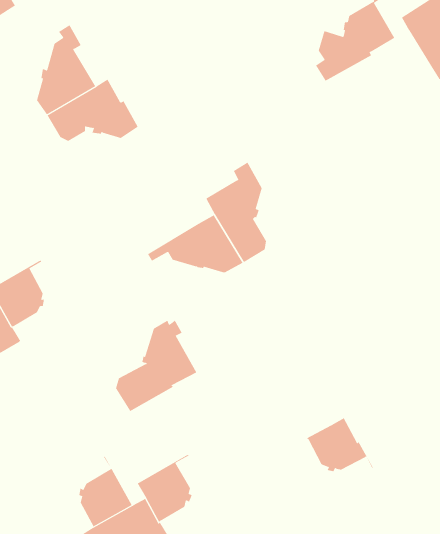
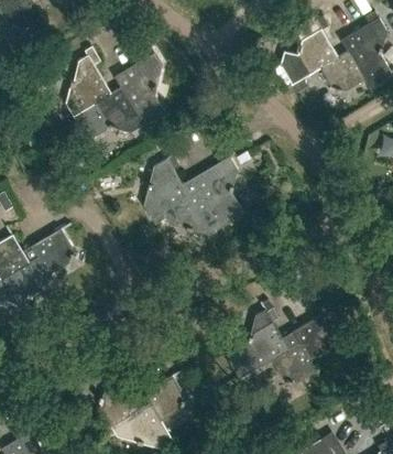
building: none -> [114,47,160,105]
building: none -> [319,51,365,91]
building: none -> [144,155,189,219]
building: [115,320,197,412] -> [228,309,290,378]
building: none -> [293,310,335,361]

